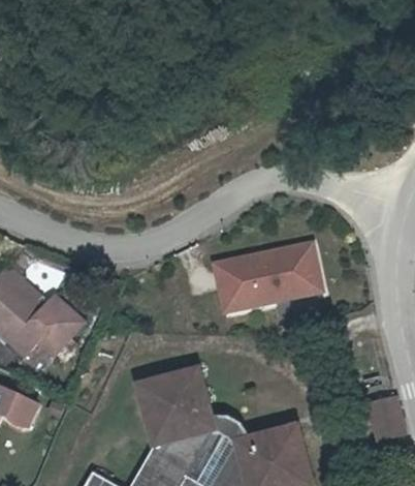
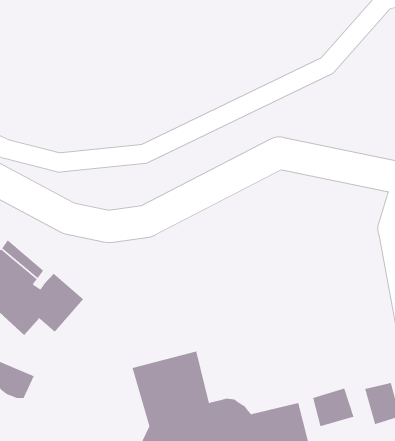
building: [227,249,314,304] -> none
building: none -> [312,388,355,427]

